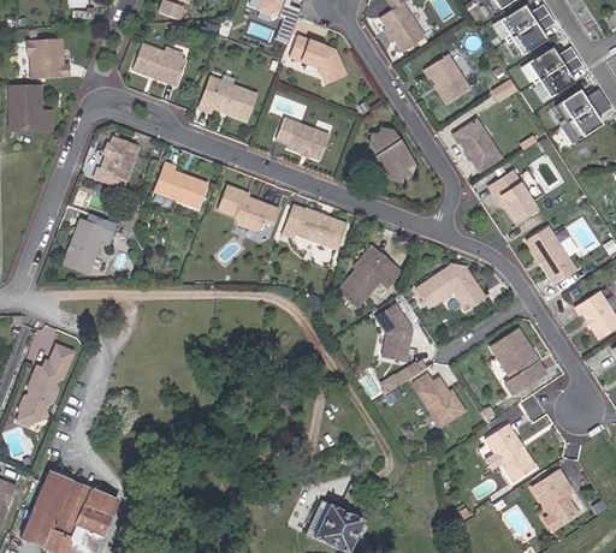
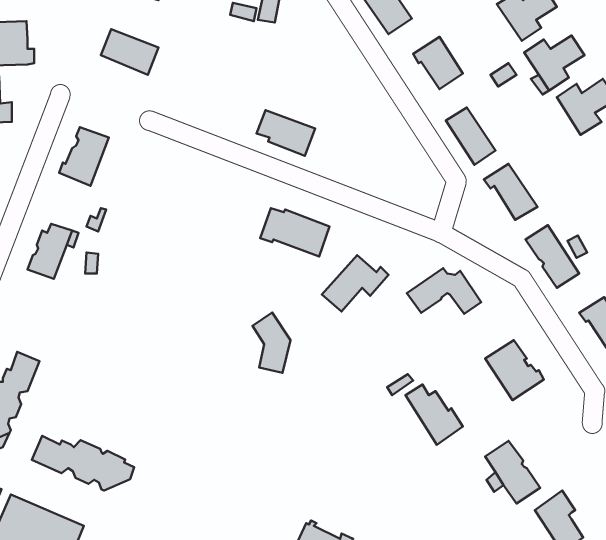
building: [291,35,348,83] -> none
building: [200,78,256,121] -> none
building: [371,131,410,179] -> none
building: [153,163,207,209] -> none
building: [217,186,278,230] -> none
building: [377,303,411,358] -> [252,313,290,373]
building: none -> [32,436,134,490]

